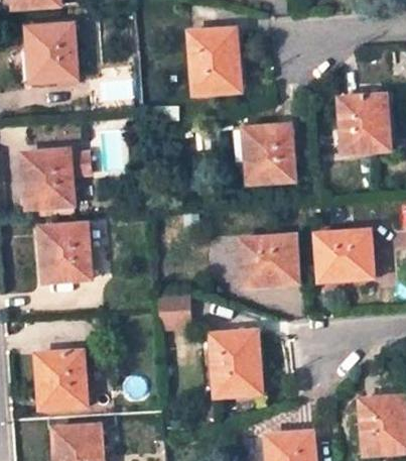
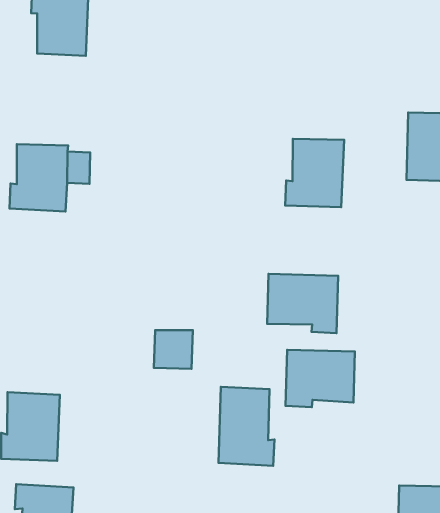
building: [190,31,238,94] -> none
building: [39,227,88,281] -> none
building: [315,232,373,281] -> [286,350,355,407]

